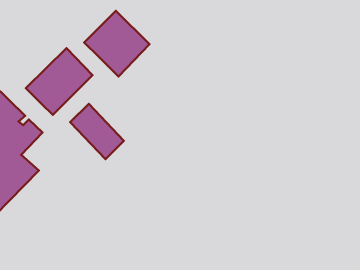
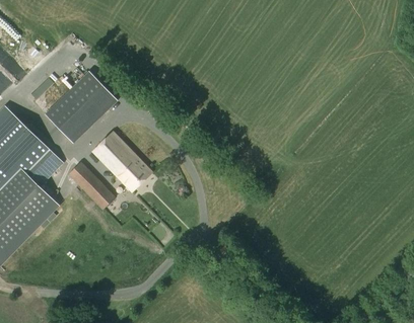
building: [84,11,150,77] -> none
building: none -> [69,162,114,209]

